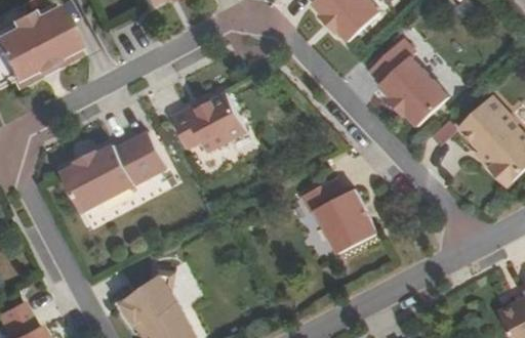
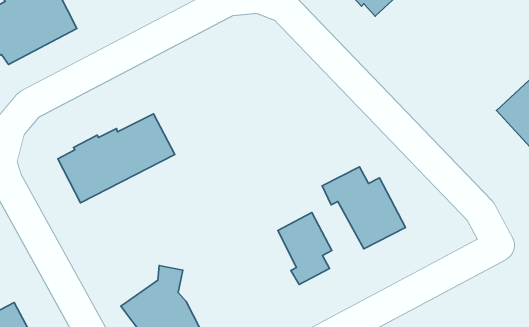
building: [368,38,448,126] -> none
building: [170,92,245,152] -> none
building: none -> [278,212,332,285]

